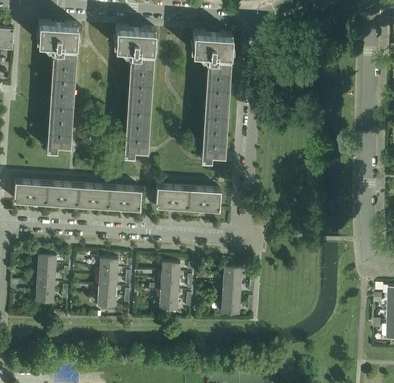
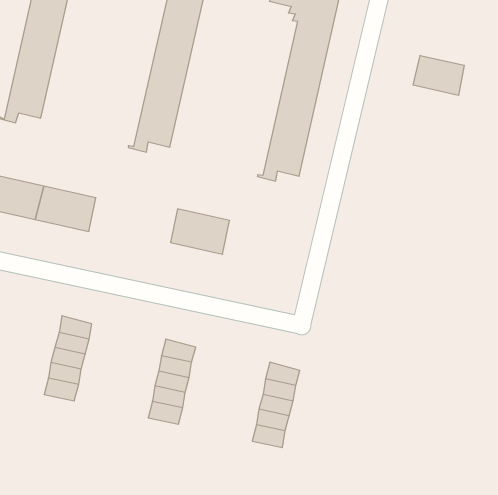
building: none -> [413,55,464,95]
building: [108,187,141,209] -> none
building: [187,188,220,210] -> none

